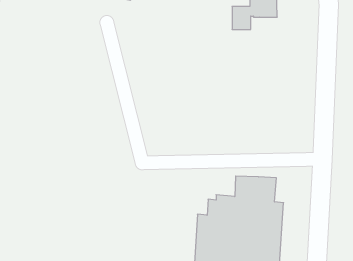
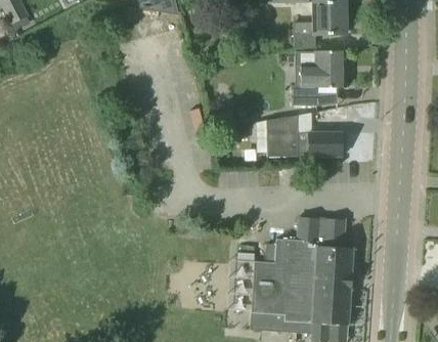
building: none -> [292,50,347,104]
building: none -> [268,114,343,156]

